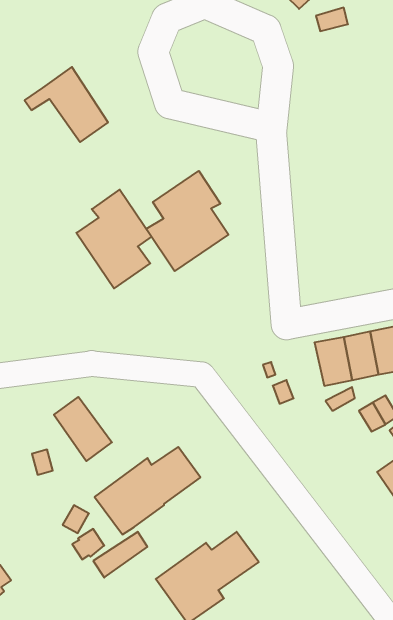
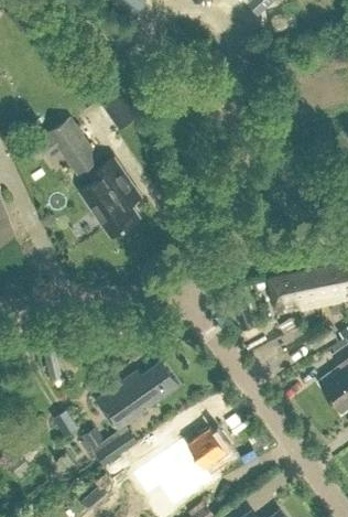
building: [25,67,108,142] -> [33,116,99,175]
building: [146,171,228,271] -> none
building: [54,397,112,461] -> none

